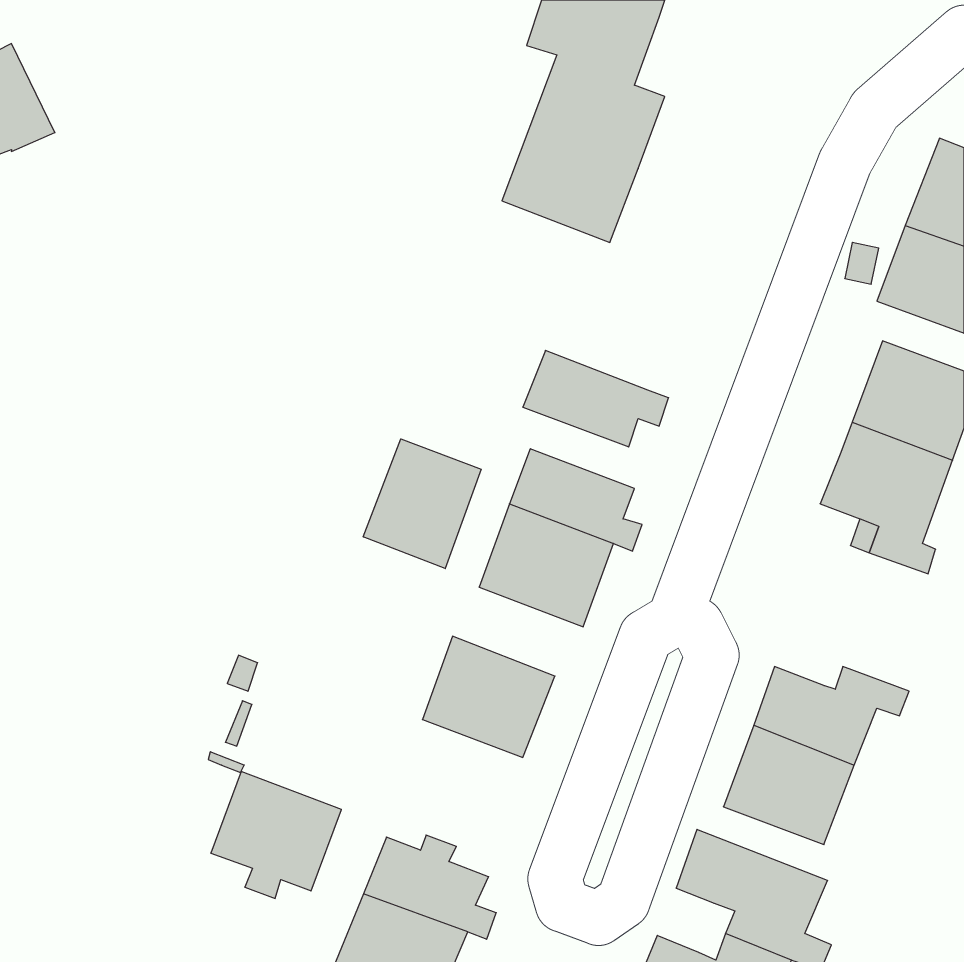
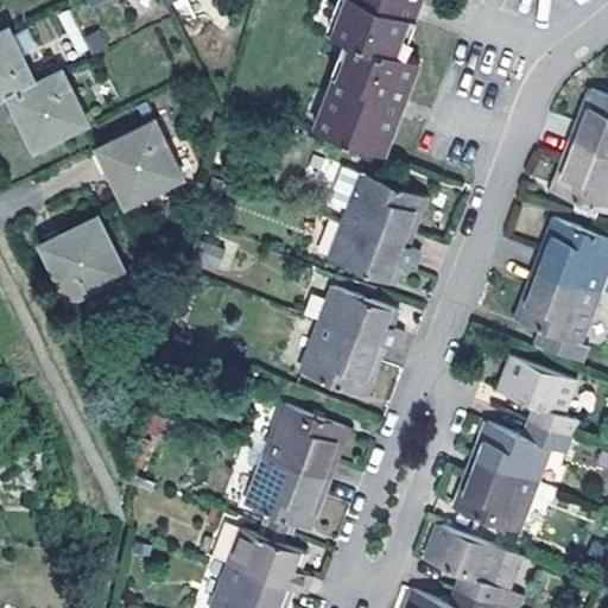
building: none -> [7,72,88,153]
building: none -> [99,124,182,209]
building: none -> [342,173,426,248]
building: none -> [40,220,125,304]
building: [363,439,481,569] -> none
building: none -> [496,356,577,437]
building: [211,772,341,898] -> [246,455,328,534]

